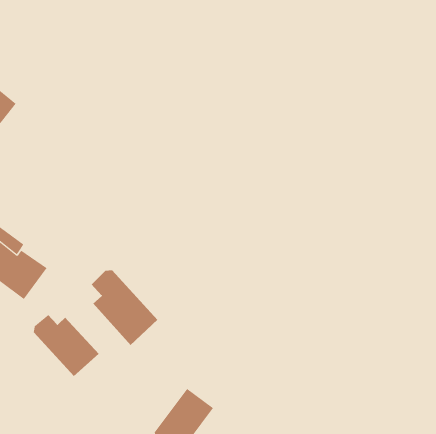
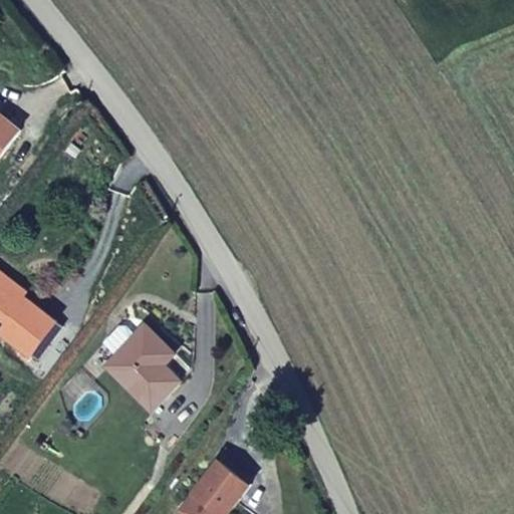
building: [33,314,100,377] -> none

